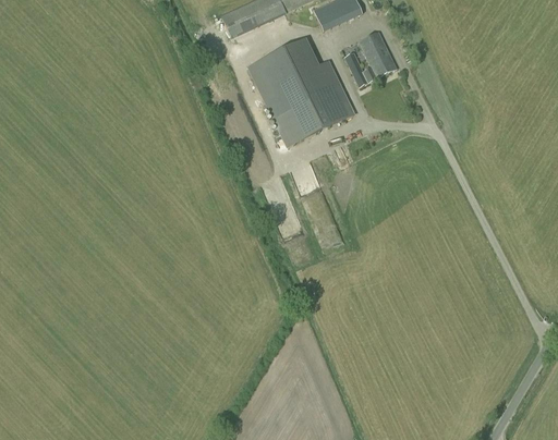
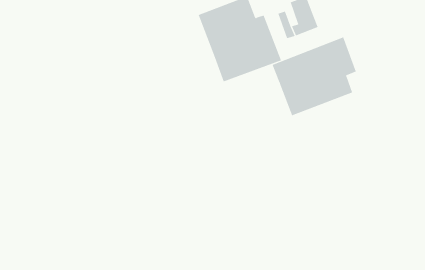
building: none -> [272,37,357,116]

